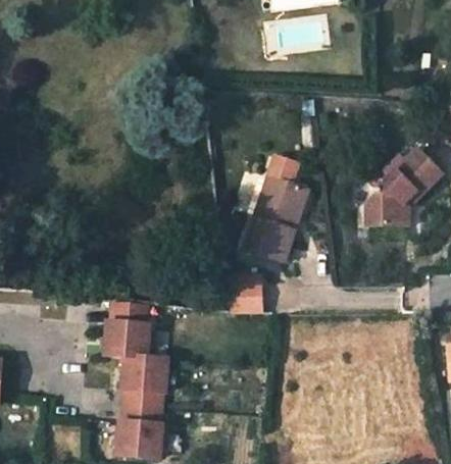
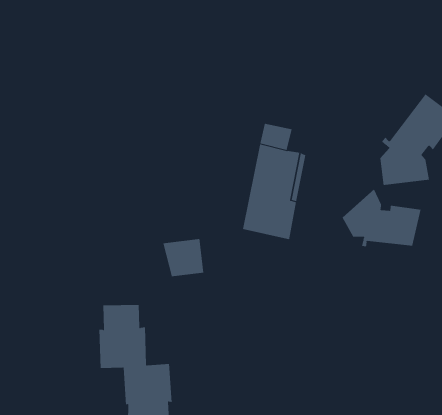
building: none -> [342,189,421,247]
building: [227,279,260,310] -> [162,239,204,277]

